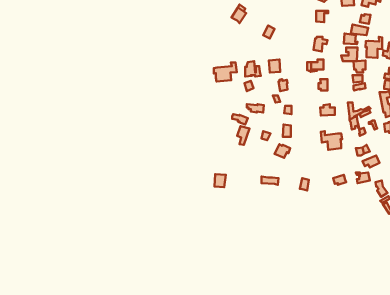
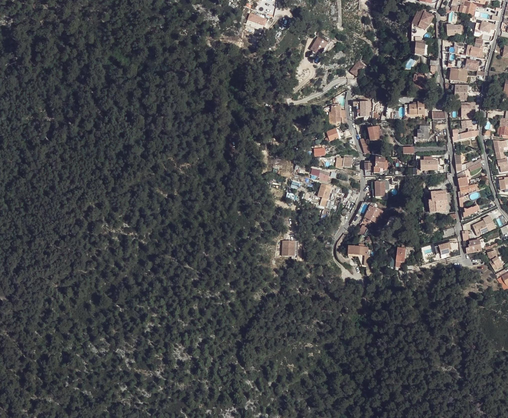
building: [365,37,382,58] -> none
building: [214,62,237,81] -> none

